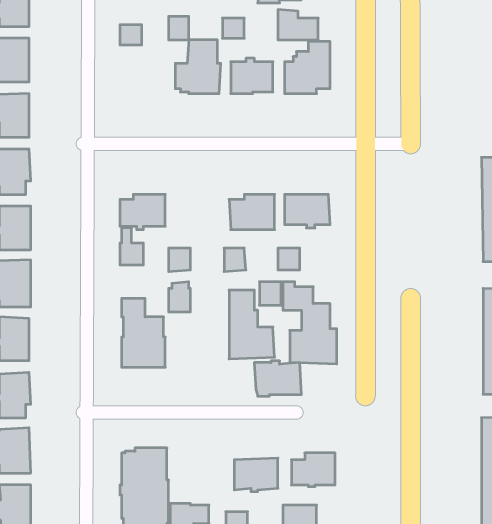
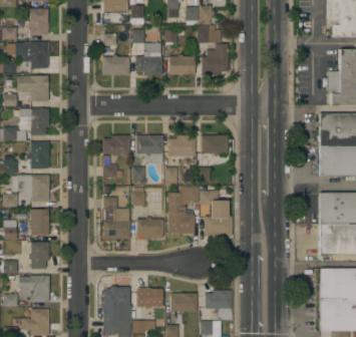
building: none -> [103,55,130,75]
building: none -> [136,135,163,162]
building: [254,361,301,396] -> [136,218,164,239]
building: none -> [137,288,163,309]

